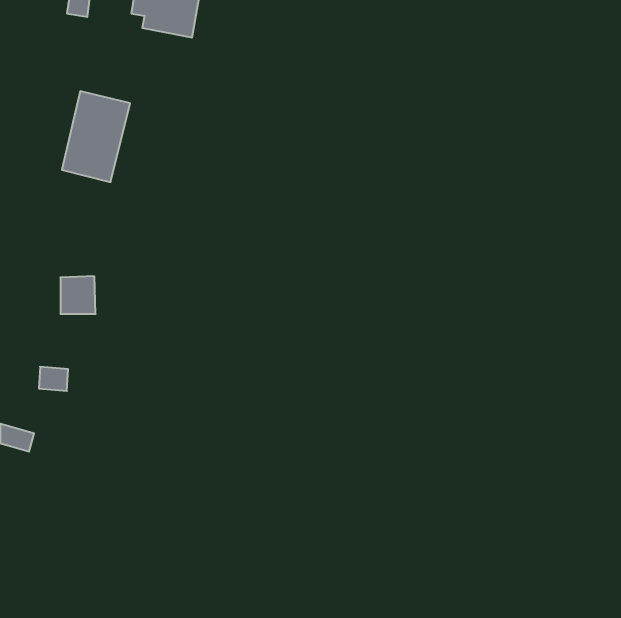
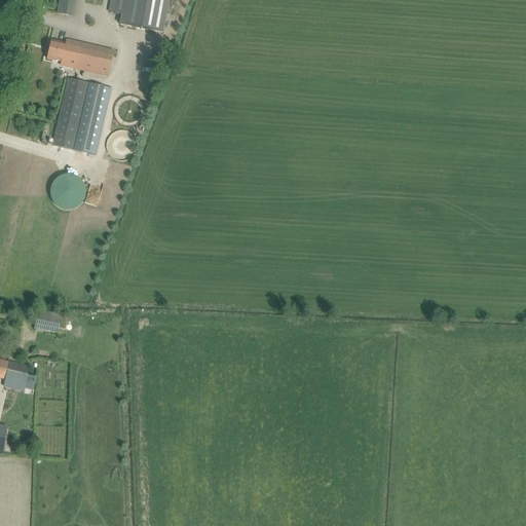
building: none -> [47,38,113,75]
building: [60,276,96,314] -> [50,175,80,206]

